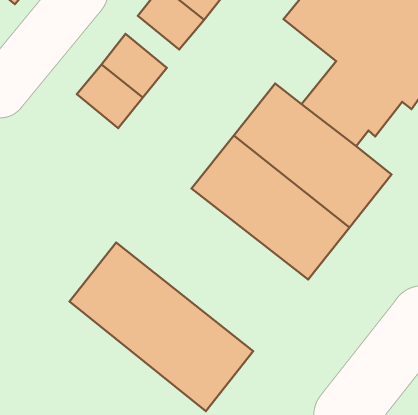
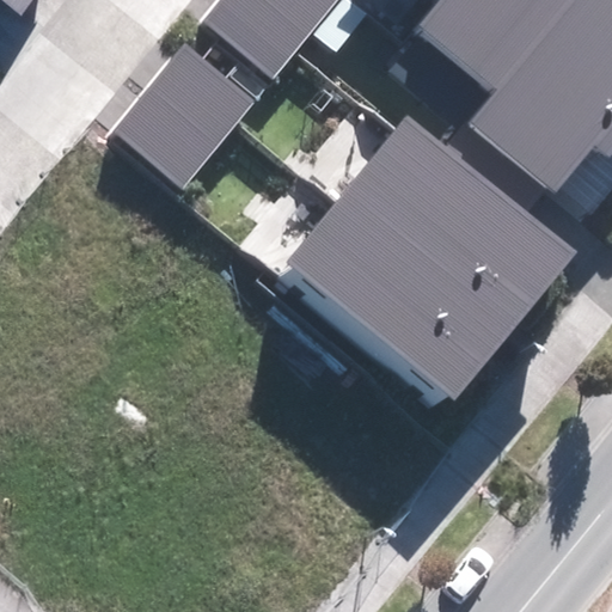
building: [70,242,253,411] -> none

